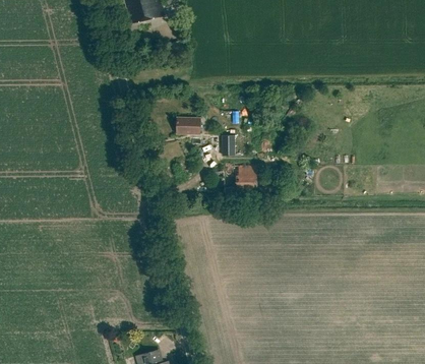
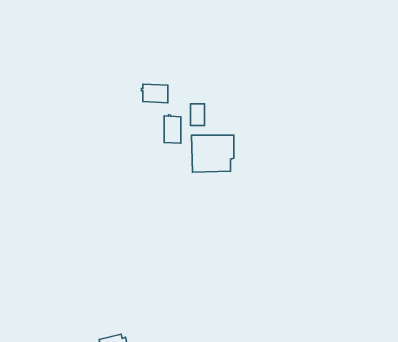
building: none -> [164,115,181,143]

